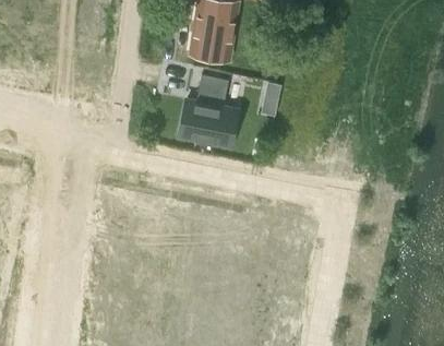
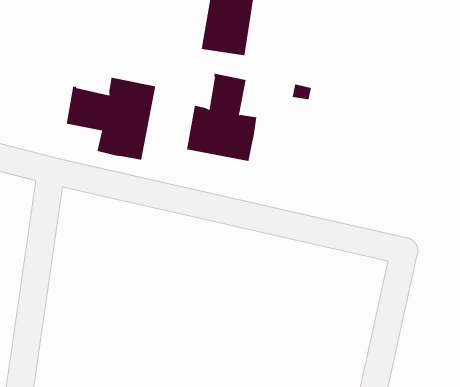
building: none -> [66,77,156,160]

